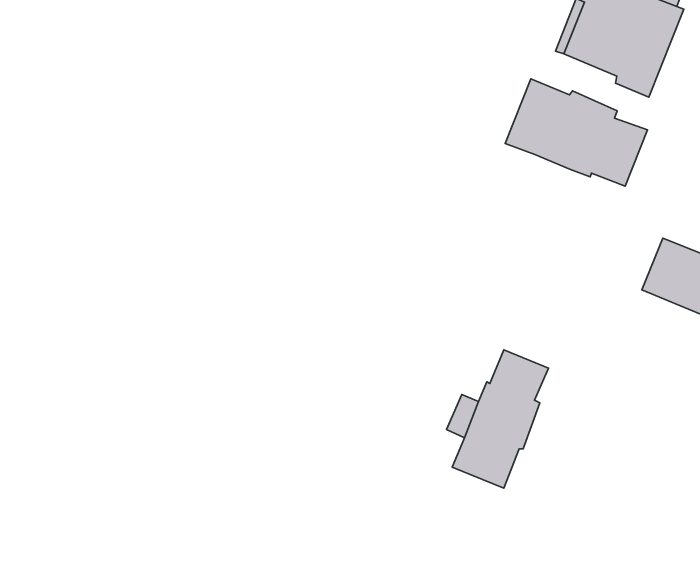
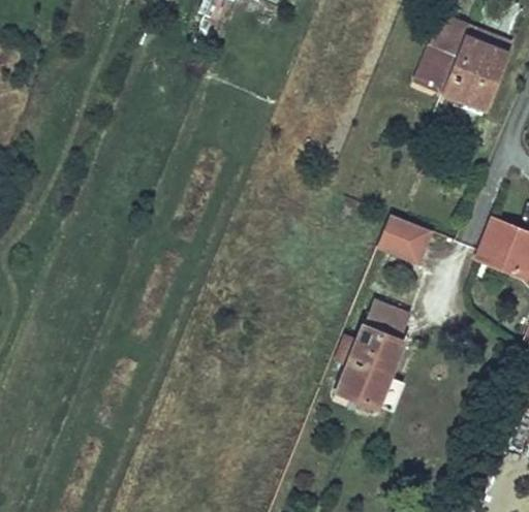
building: [505,79,647,186] -> none
building: none -> [378,213,431,261]

